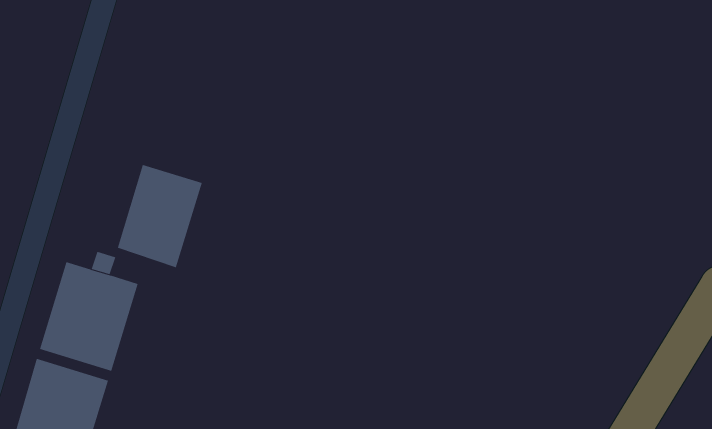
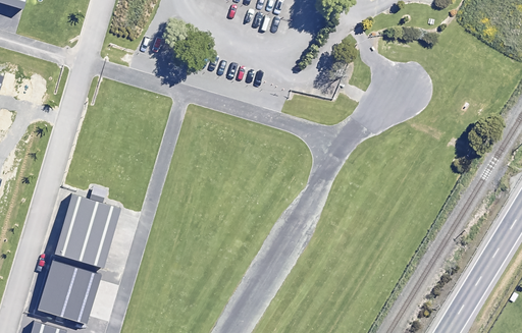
building: [117,164,202,268] -> none

